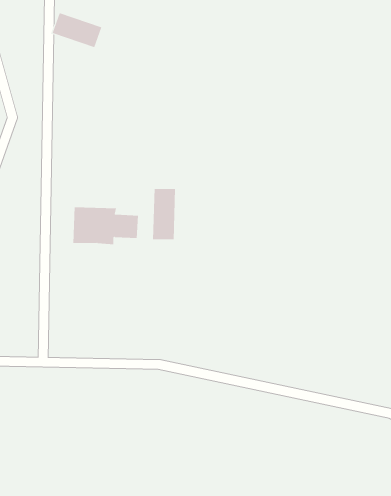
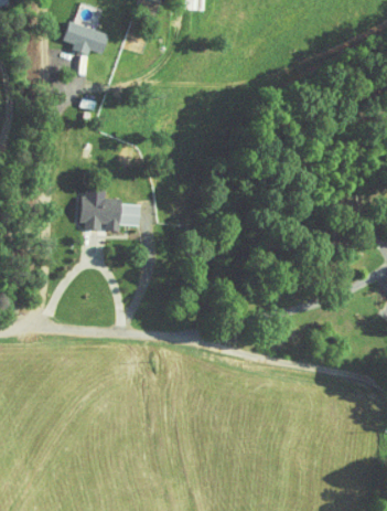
building: [153,188,176,240] -> none

